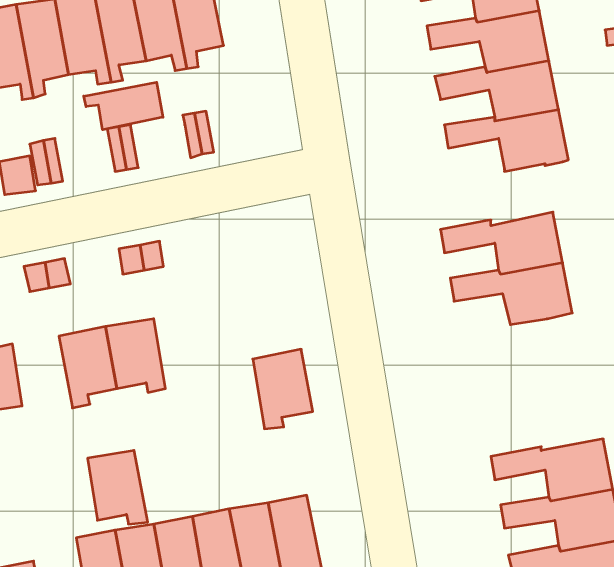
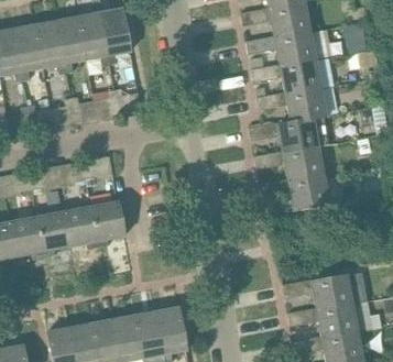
building: [84,82,163,130] -> none
building: none -> [250,116,330,152]
building: [253,349,313,429] -> [92,199,127,244]
building: [88,450,148,524] -> [12,215,46,256]

